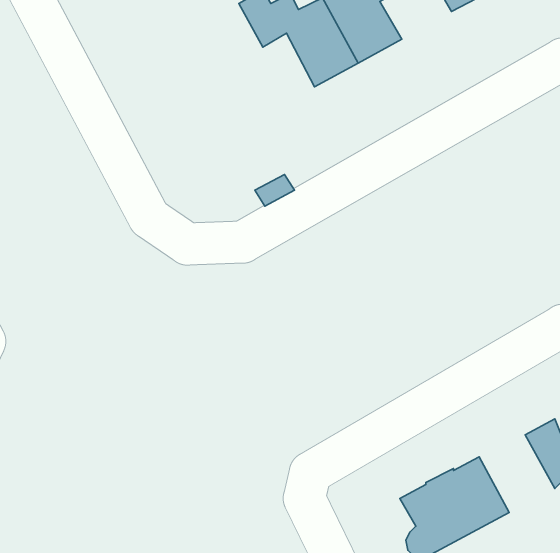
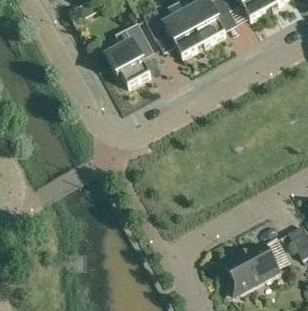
building: none -> [106,21,152,85]

